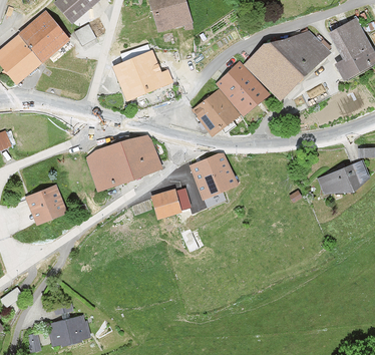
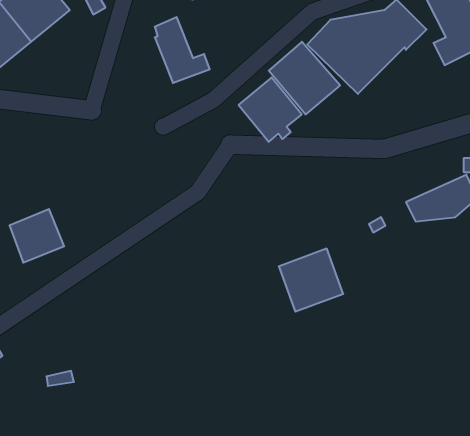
building: [111,59,145,100] -> none
building: [87,133,159,189] -> none
building: [189,151,236,198] -> [279,249,343,312]
building: [150,189,180,218] -> none
building: [47,315,89,345] -> none

